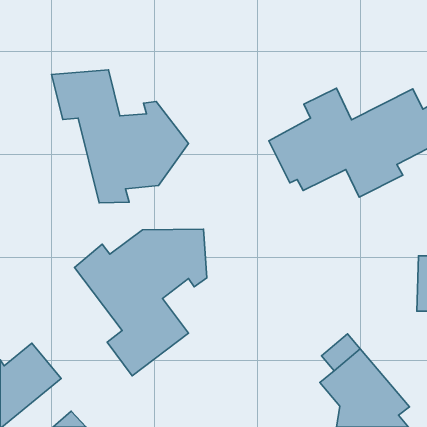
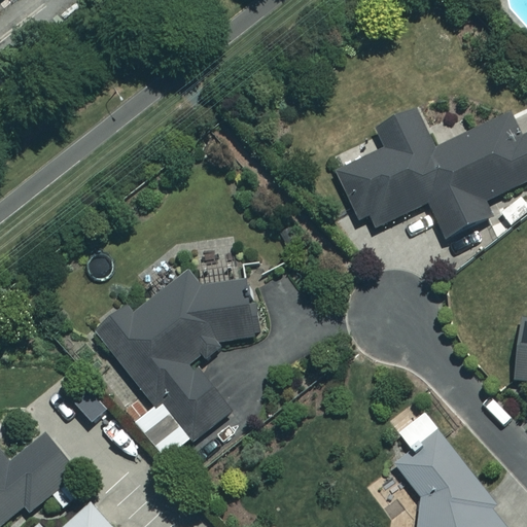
building: [51,70,189,203] -> none

